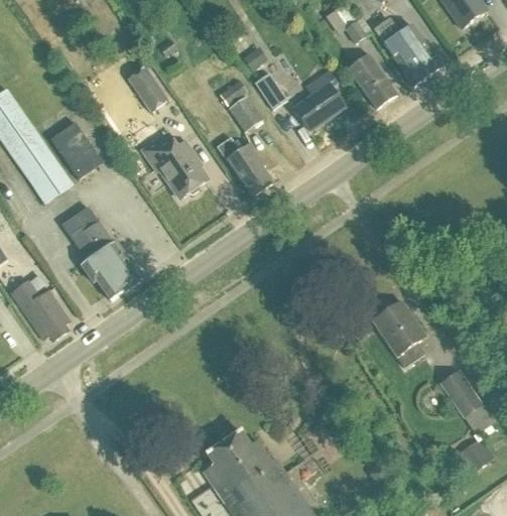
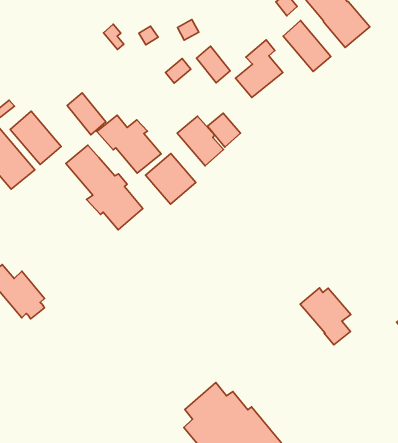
building: [128,64,167,110] -> [67,93,106,135]
building: [229,95,263,131] -> [207,113,241,147]
building: none -> [145,153,196,204]
building: [61,207,138,299] -> [66,145,143,230]
building: [372,305,424,367] -> [300,288,351,345]

